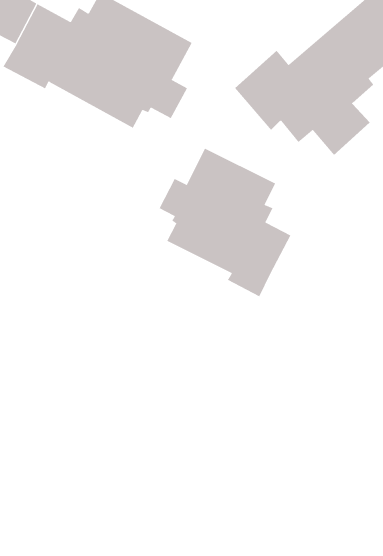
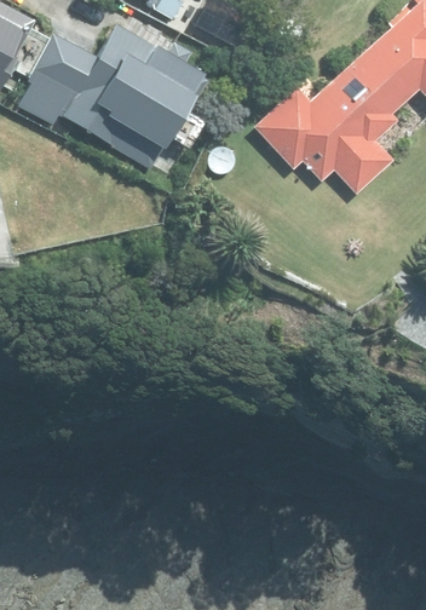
building: [159,148,291,297] -> none

